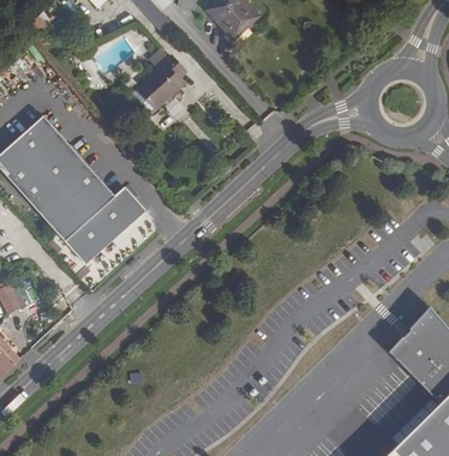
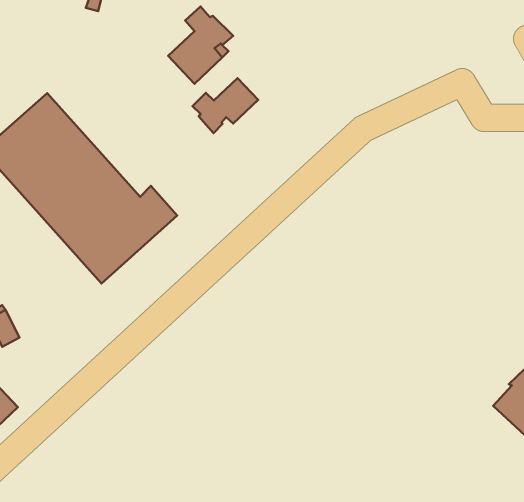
building: none -> [192,78,258,133]

